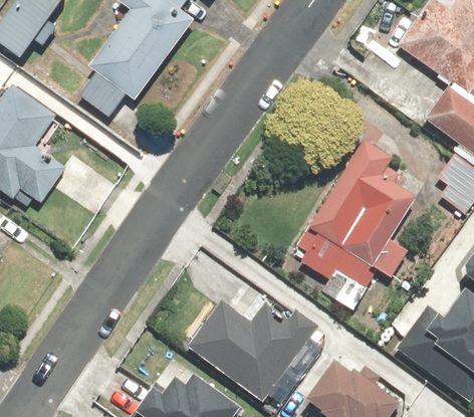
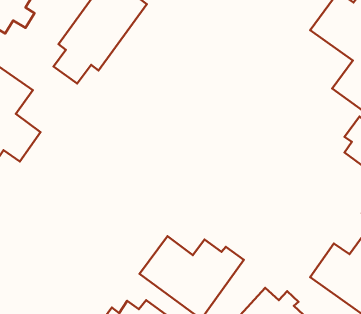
building: [297,141,422,311] -> none

